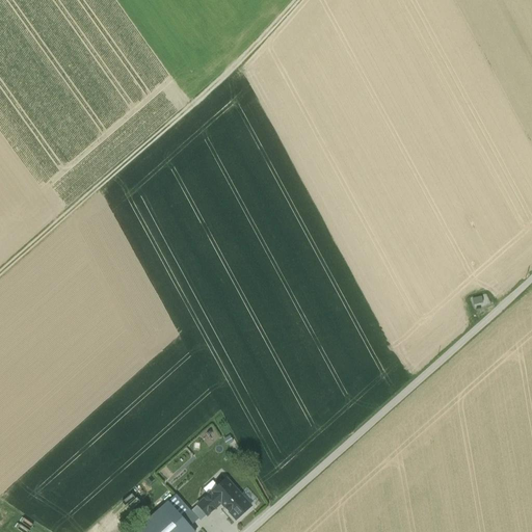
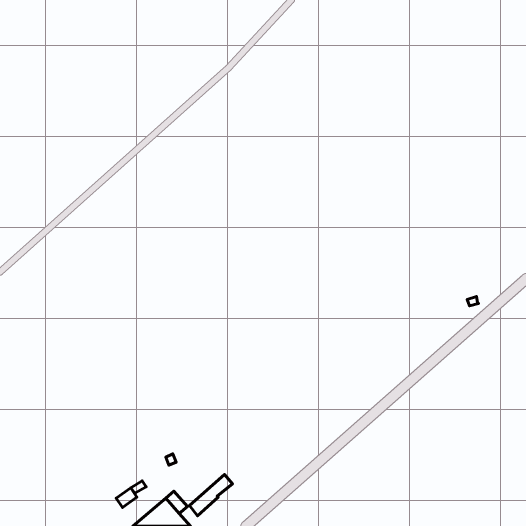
building: [219,488,250,518] -> none

